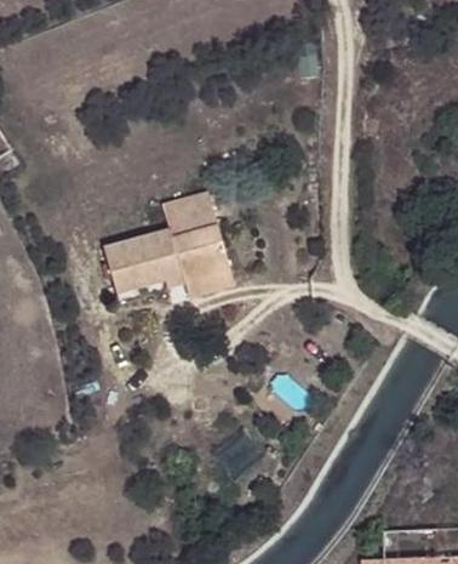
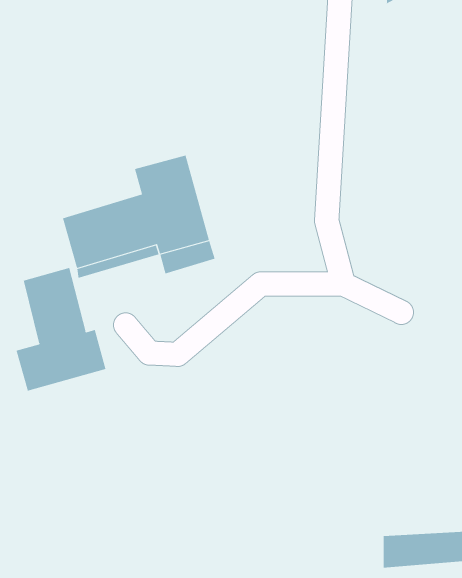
building: none -> [16,267,106,391]

